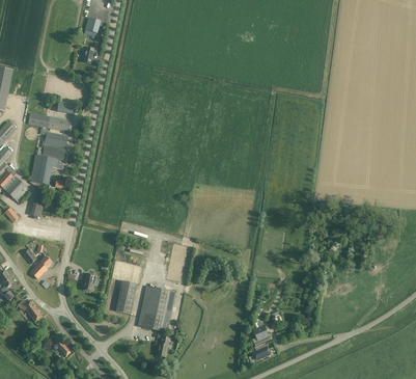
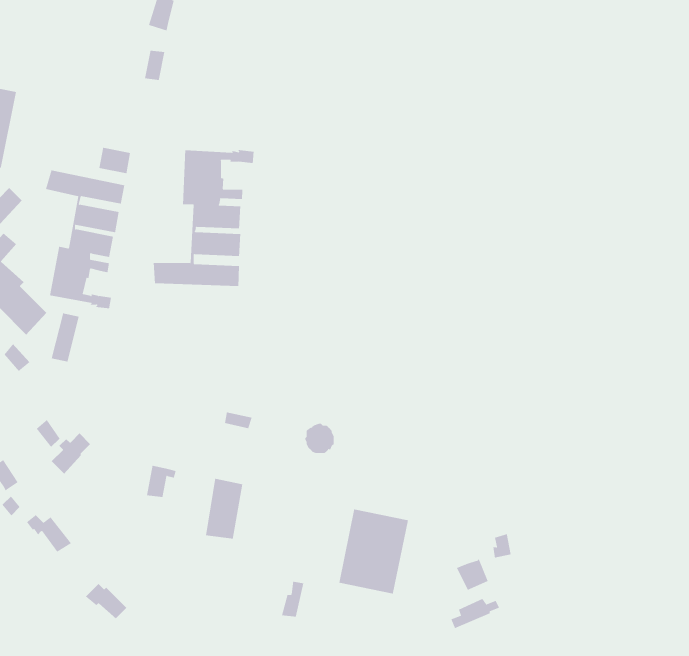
building: none -> [153,149,254,287]
building: [138,286,176,332] -> [338,509,409,594]

